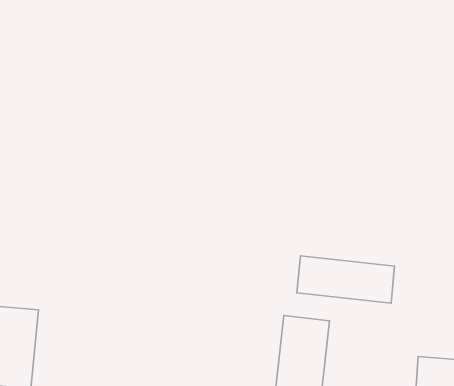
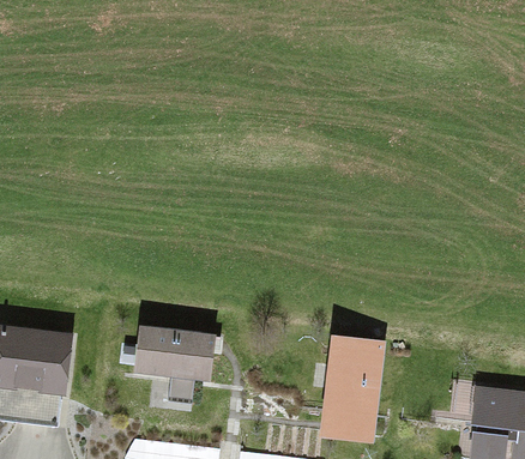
building: [297,256,395,303] -> none
building: none -> [138,324,223,399]

